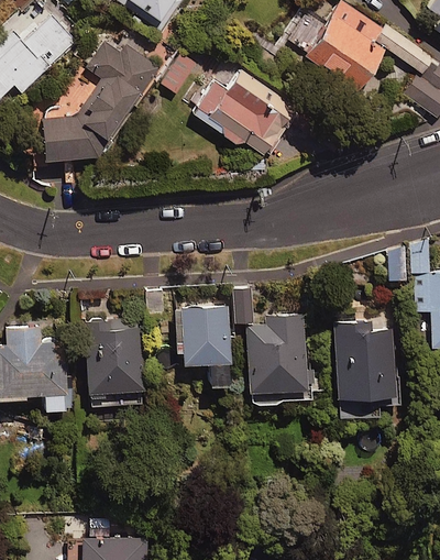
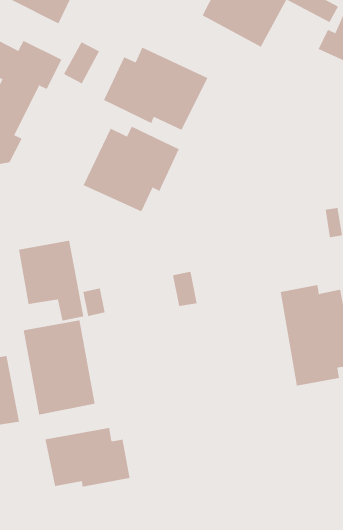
building: none -> [83,126,180,212]
building: [178,307,231,383] -> [18,240,84,321]
building: [244,315,311,405] -> none
building: none -> [45,427,130,487]

